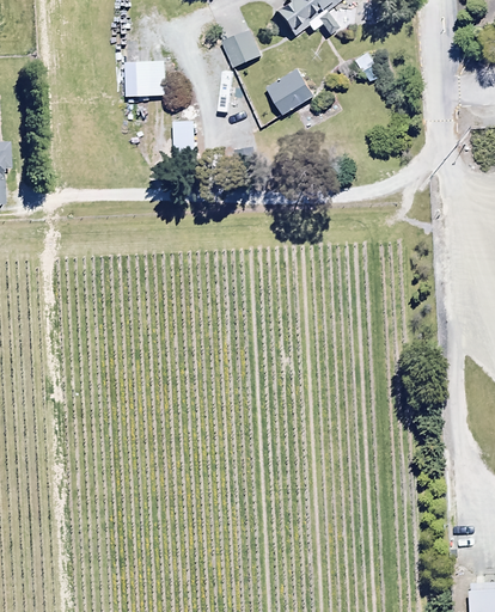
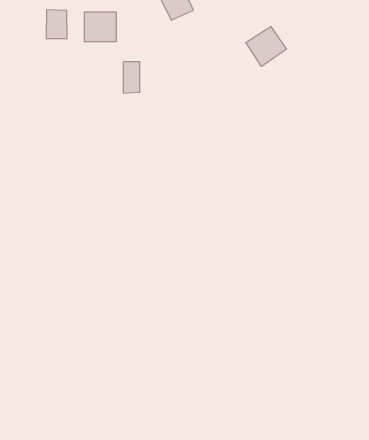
building: none -> [47,10,67,39]
building: [264,67,314,116] -> [246,26,287,66]

